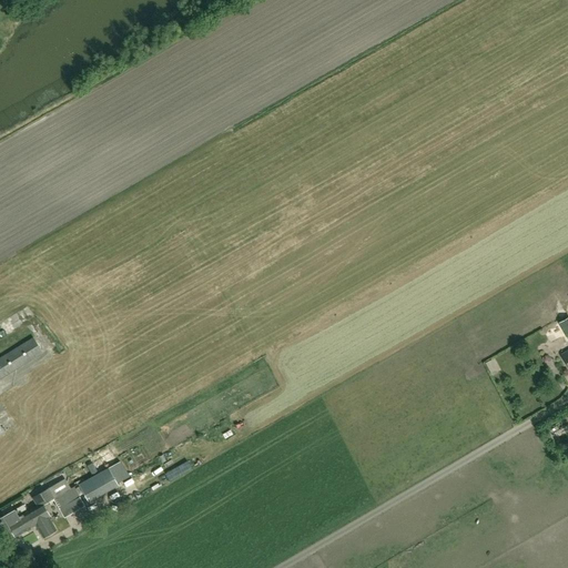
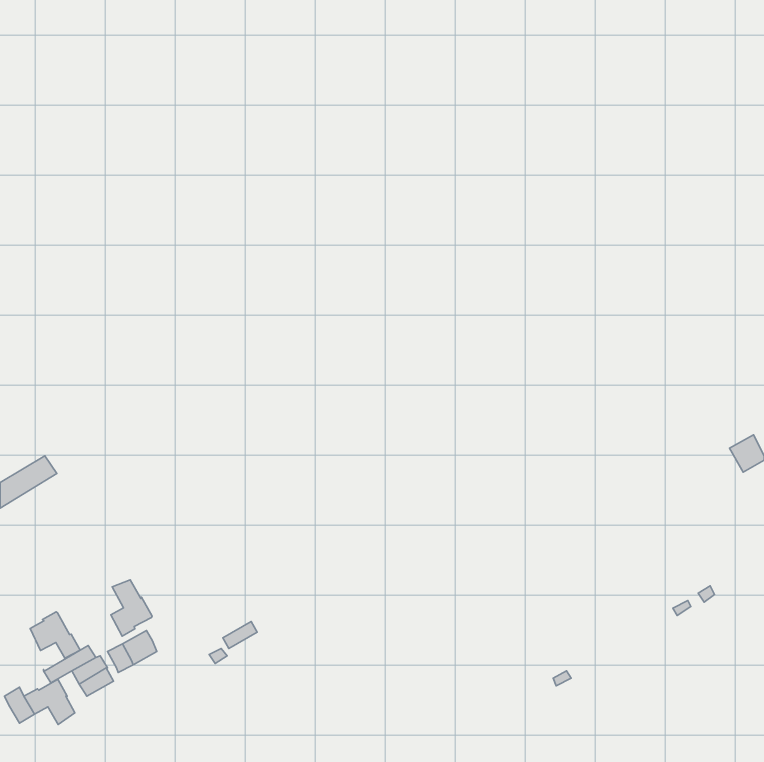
building: none -> [111,580,152,636]
building: none -> [30,612,80,658]

